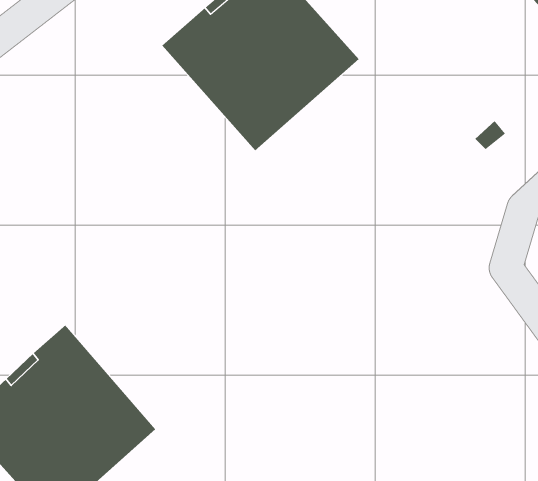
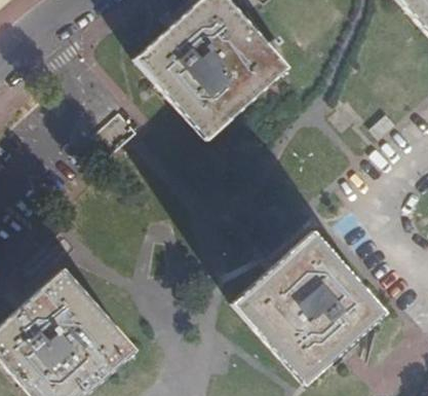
building: none -> [231,231,383,383]

